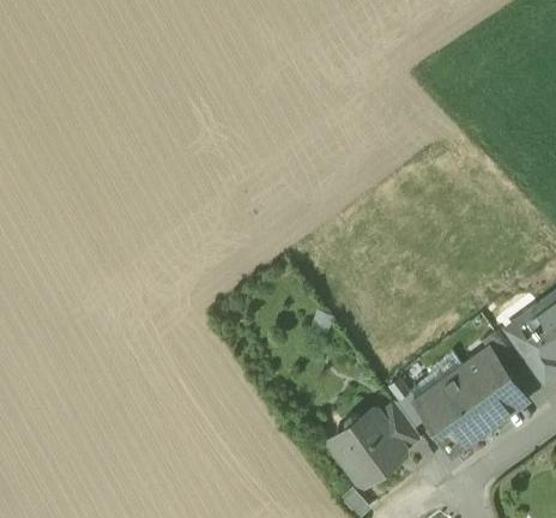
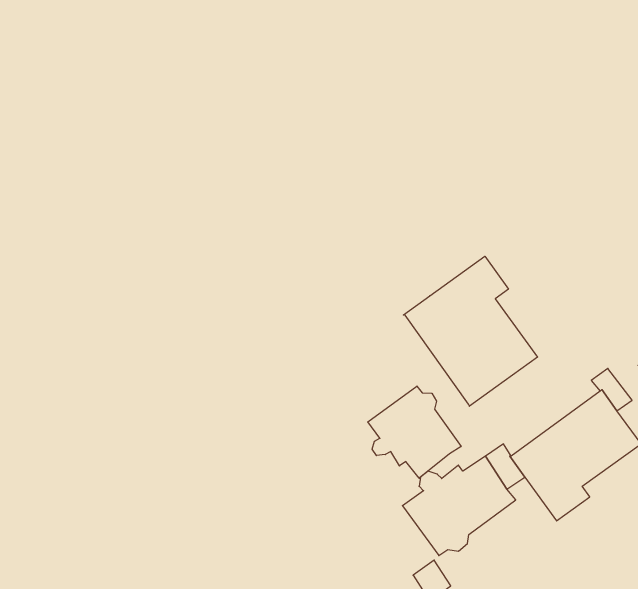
building: none -> [403,256,538,406]
building: none -> [368,386,461,478]

